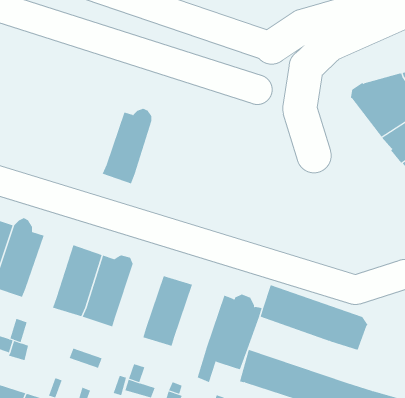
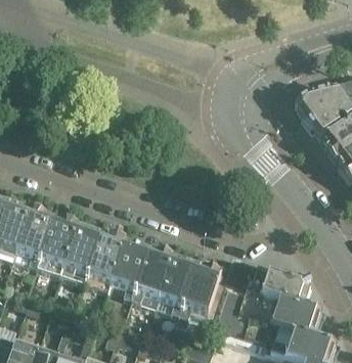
building: [102,108,152,184] -> [36,217,76,277]
building: none -> [109,242,147,301]
building: none -> [155,259,195,316]
building: none -> [215,284,321,343]

